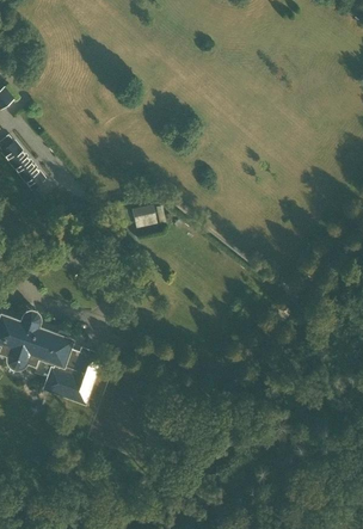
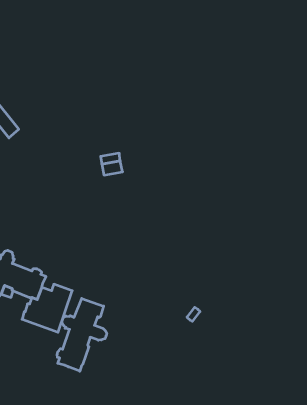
building: none -> [57,298,107,371]

